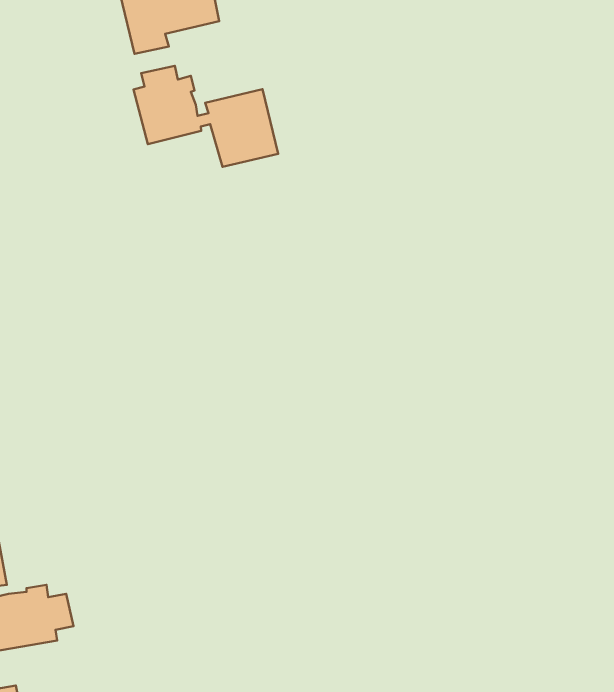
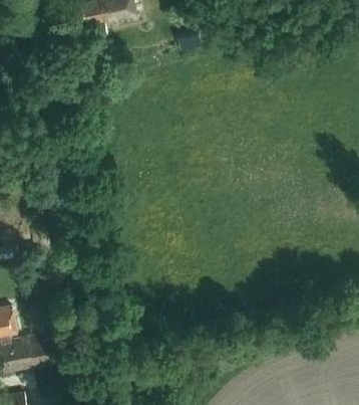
building: [133,66,278,167] -> none

